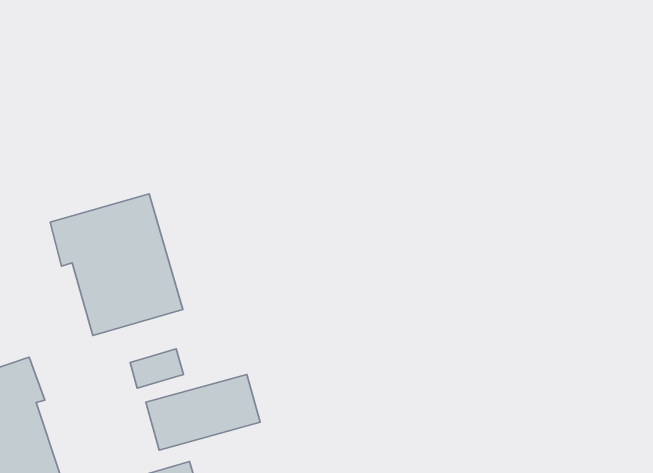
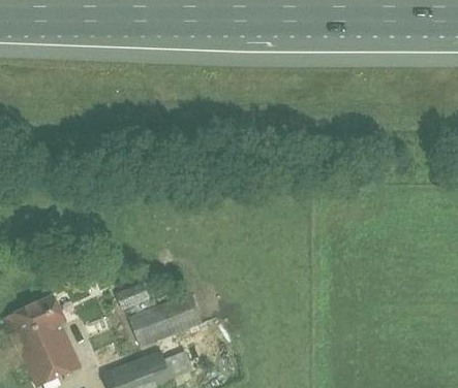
building: [50,194,183,335] -> none

